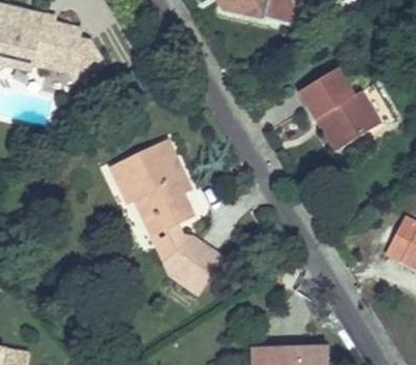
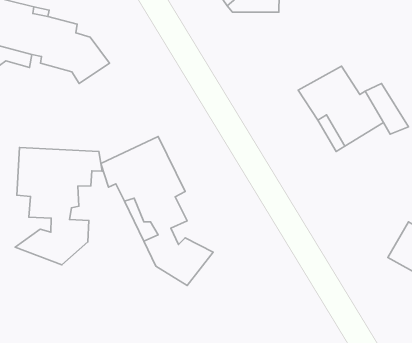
building: none -> [15,147,102,265]

